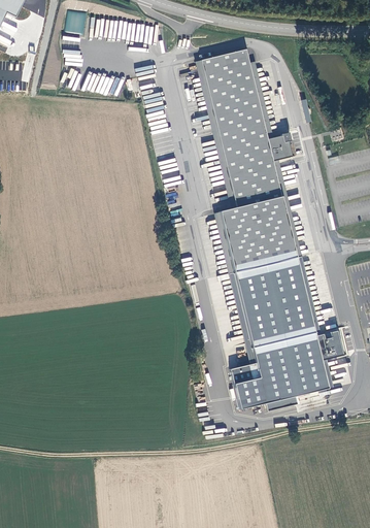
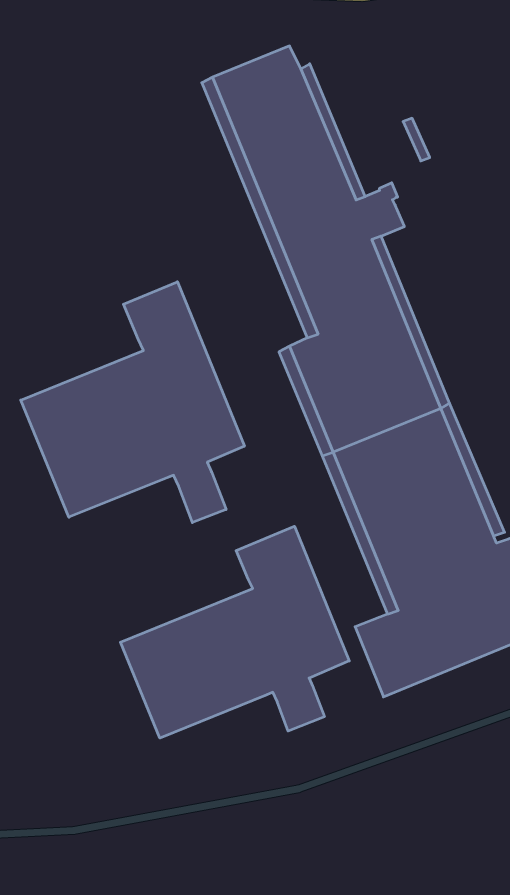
building: none -> [21,282,244,523]
building: none -> [120,526,349,738]

